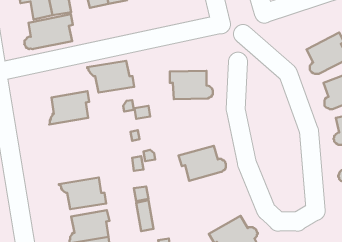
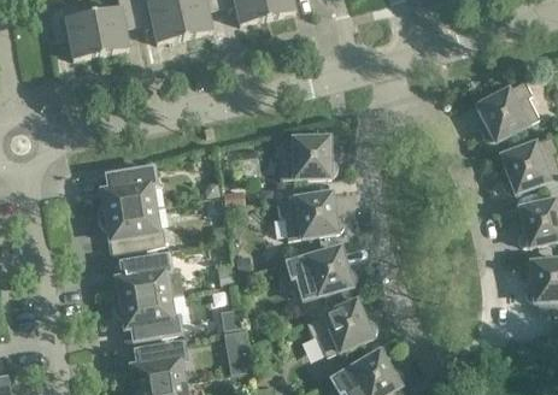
building: [24,14,73,49] -> none
building: [87,61,134,93] -> [96,205,166,252]
building: none -> [277,190,345,238]
building: none -> [111,253,170,302]
building: none -> [306,299,378,355]

